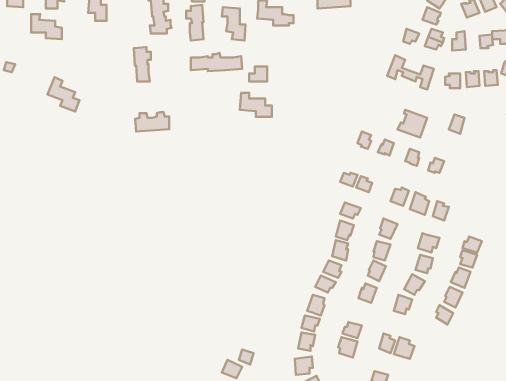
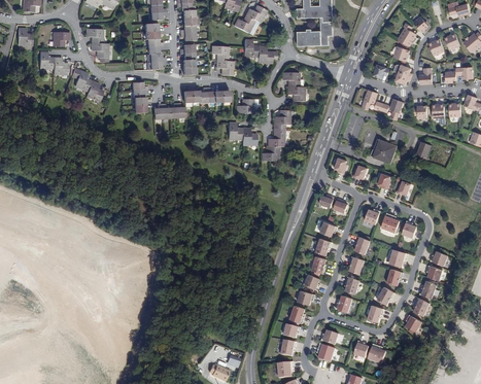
building: none -> [282,72,304,101]
building: [48,77,80,112] -> [74,70,103,101]
building: none -> [262,109,290,161]
building: [135,112,169,132] -> [153,102,184,119]

